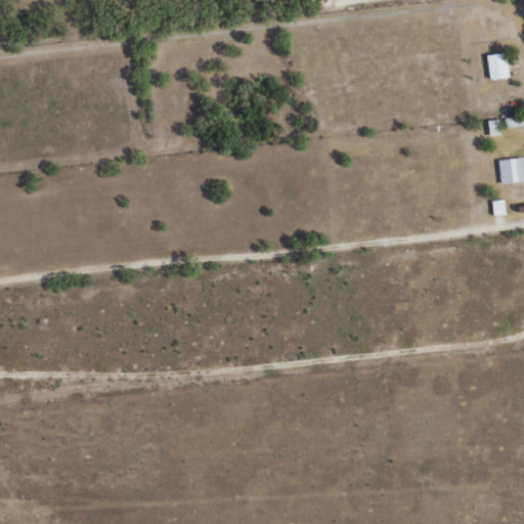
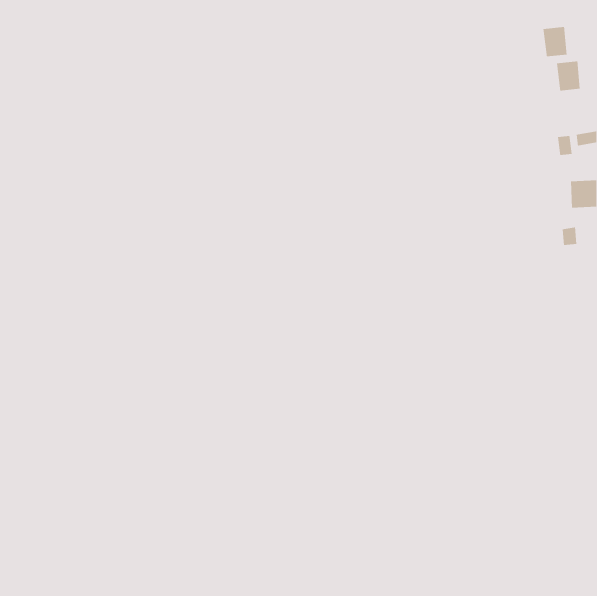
building: none -> [543,26,567,57]

